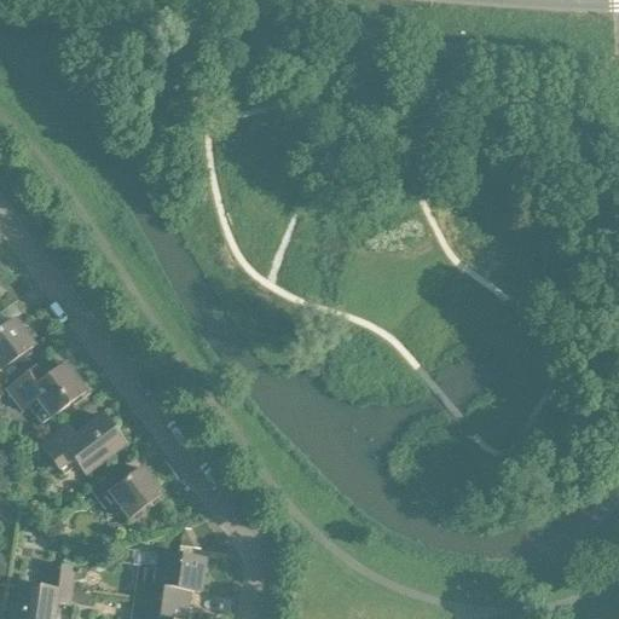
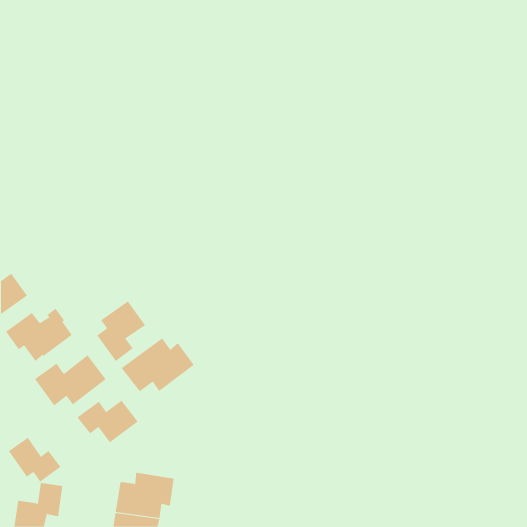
building: none -> [96,301,146,362]
building: none -> [121,337,195,392]
building: none -> [8,437,61,483]

